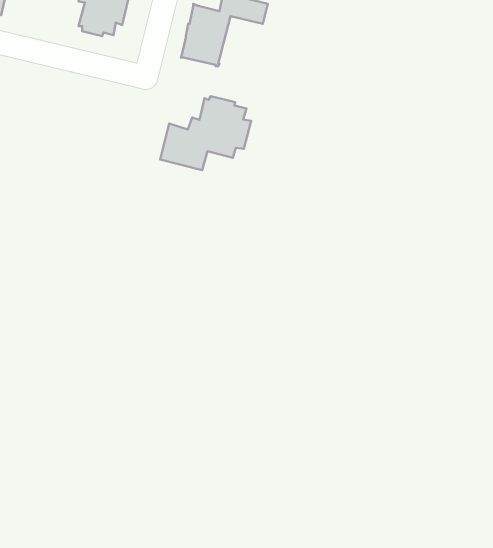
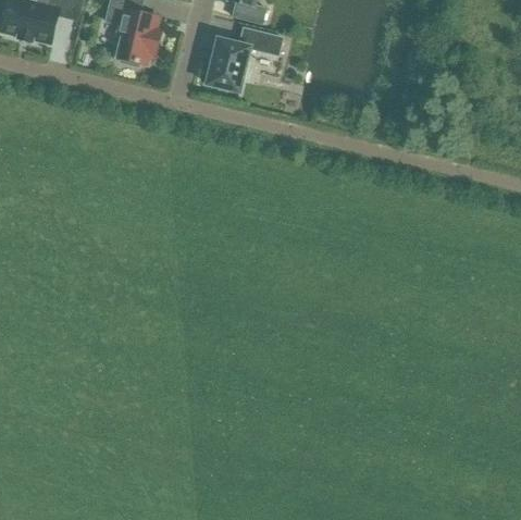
building: [160,96,251,170] -> none

